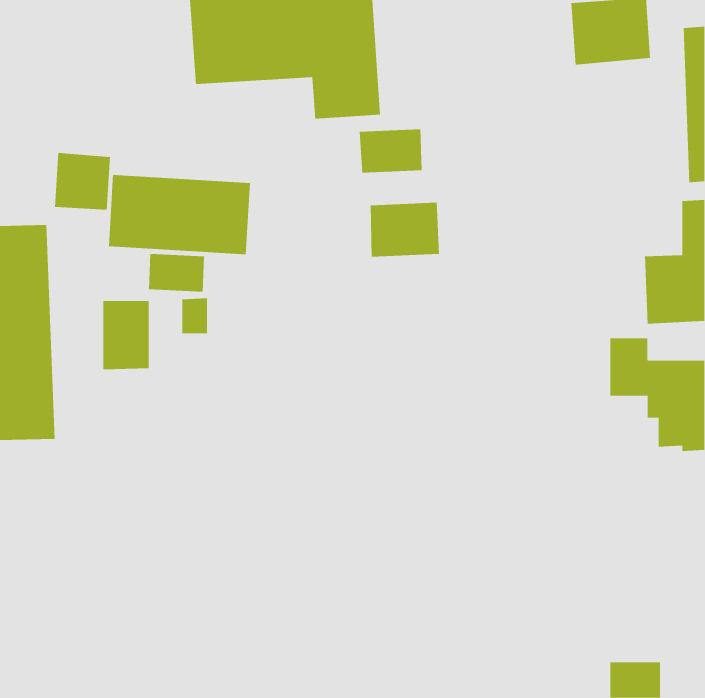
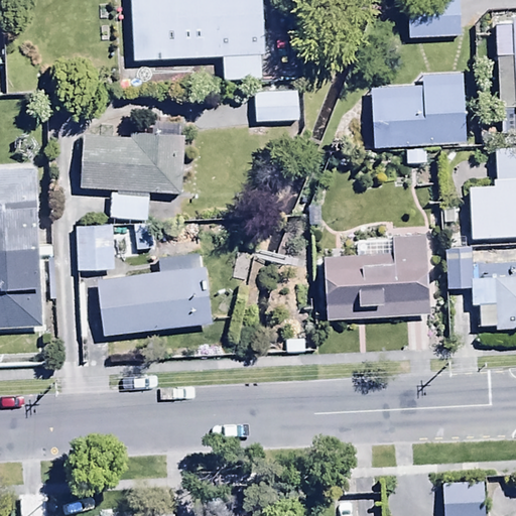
building: none -> [375,78,480,152]
building: [55,152,110,211] -> none
building: [370,202,439,258] -> none
building: none -> [324,236,434,319]
building: none -> [104,268,222,341]

